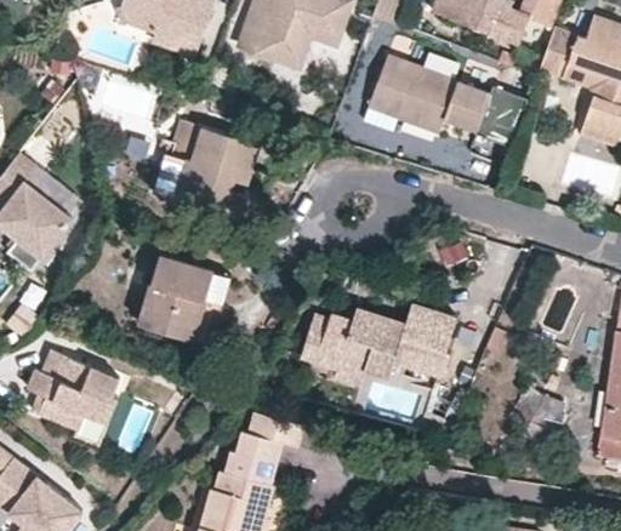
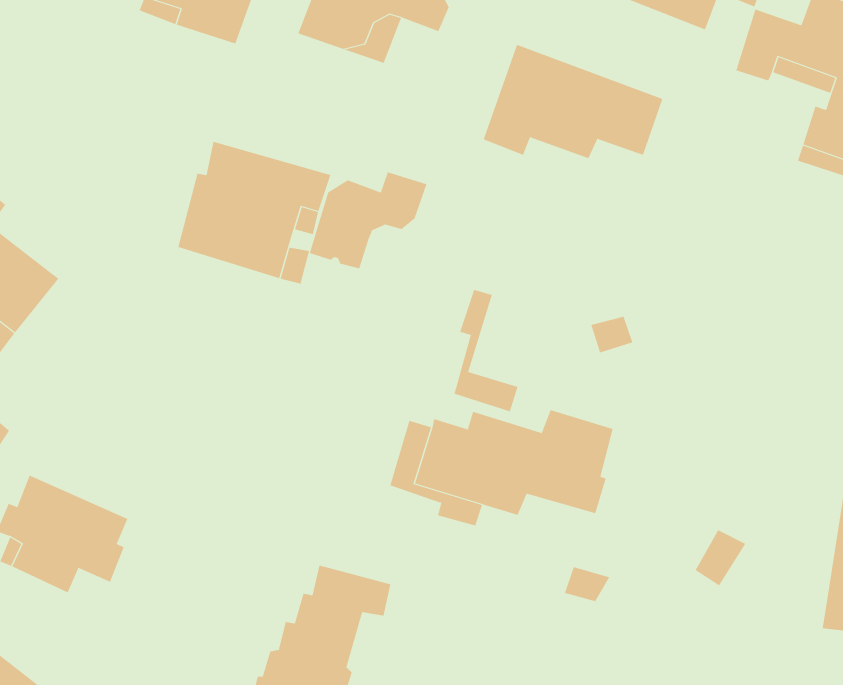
building: [475,86,529,144] -> none
building: none -> [309,171,427,269]
building: none -> [454,289,518,412]
building: [141,257,215,341] -> none

